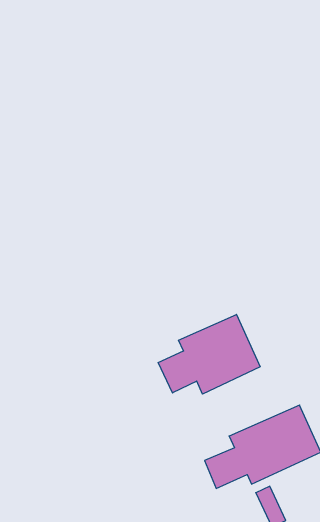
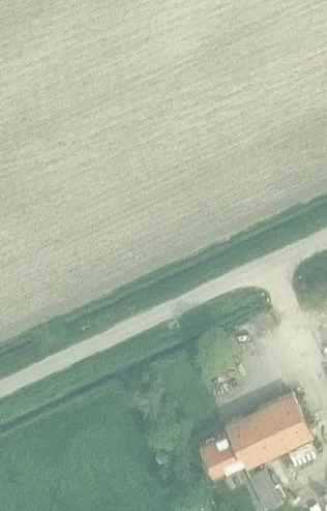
building: [158,314,260,394] -> none

